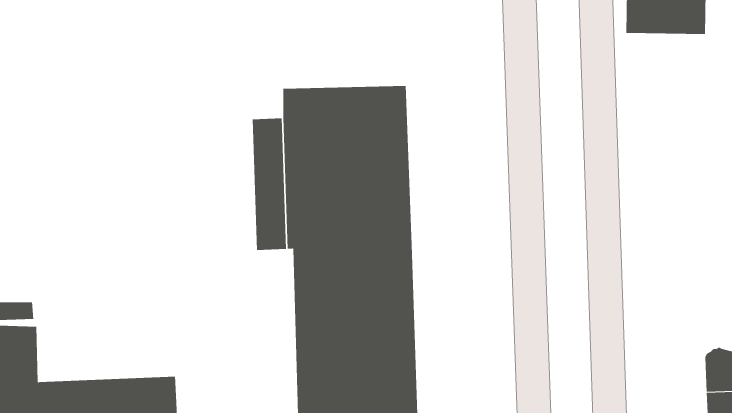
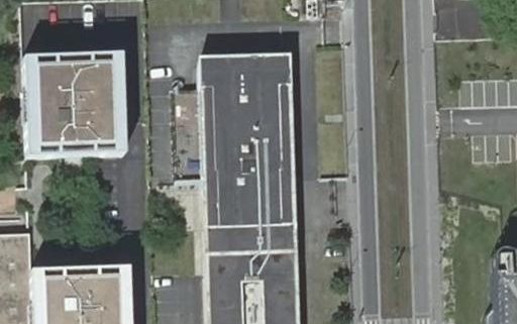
building: none -> [27,47,129,150]

